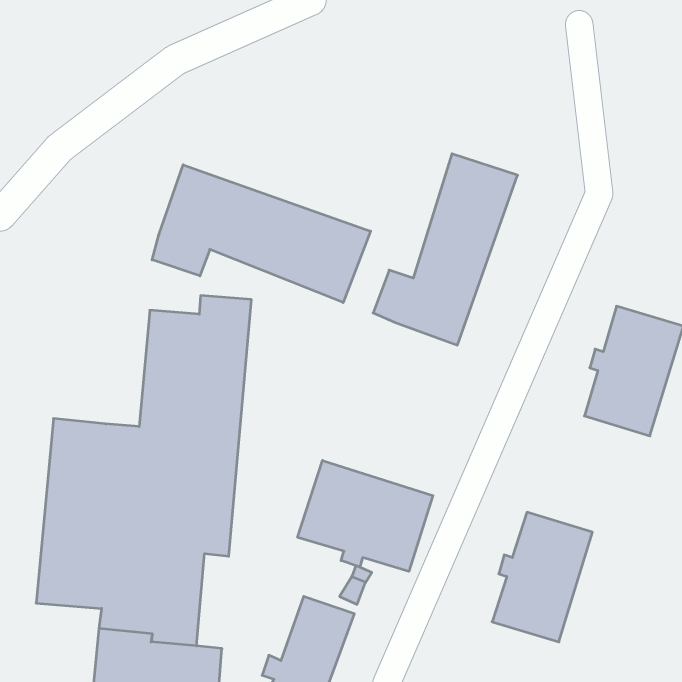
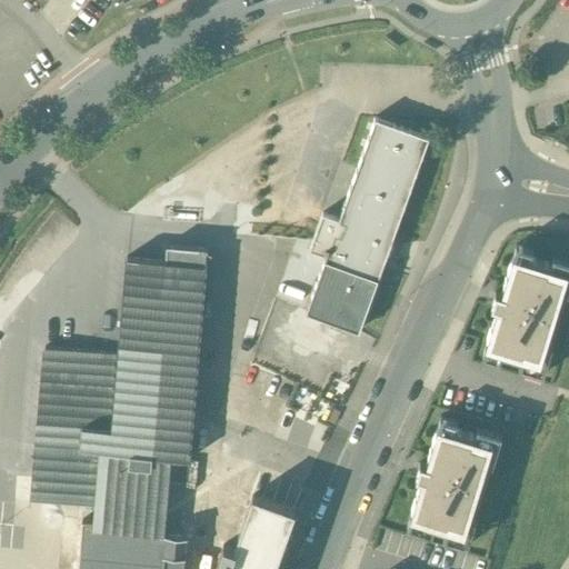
building: [152,165,371,303] -> none
building: none -> [308,269,381,343]
building: [298,460,433,571] -> none

